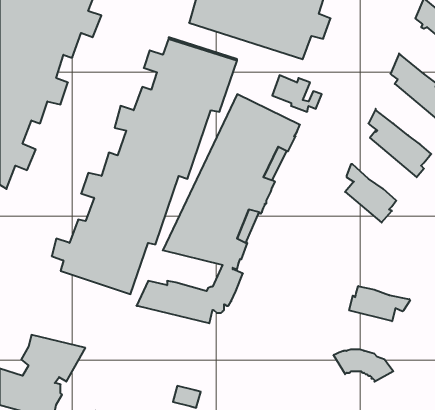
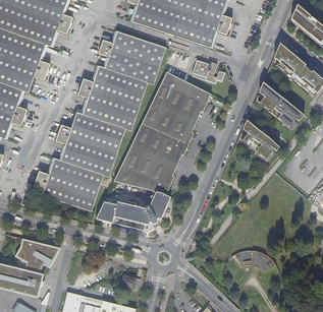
building: [349,286,410,321] -> none

